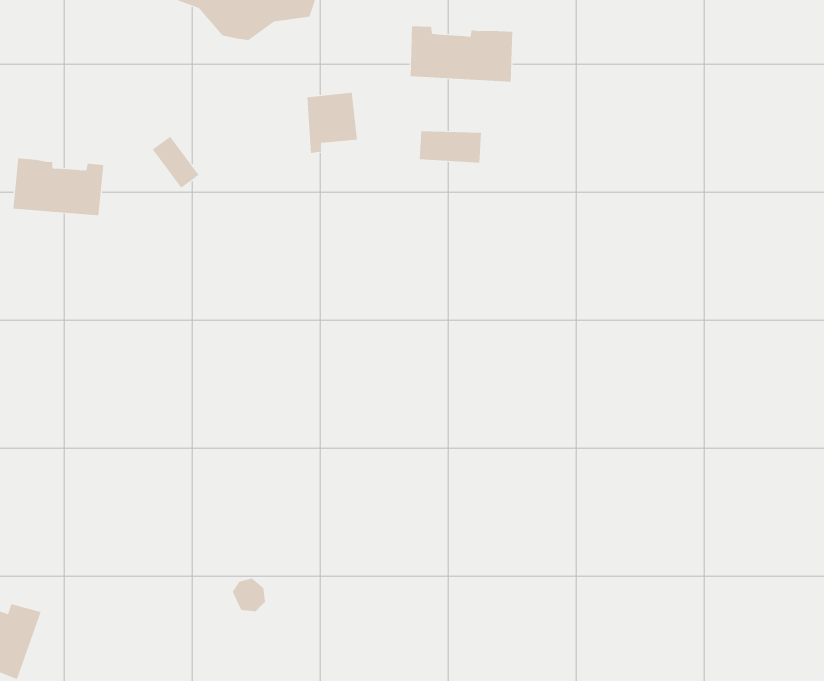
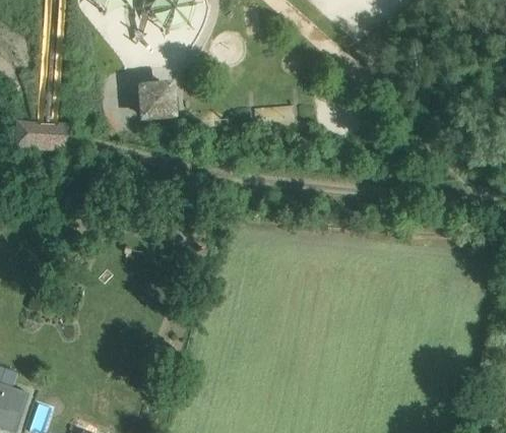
building: [410,26,513,82] -> none
building: [307,92,358,153] -> [142,82,173,119]

